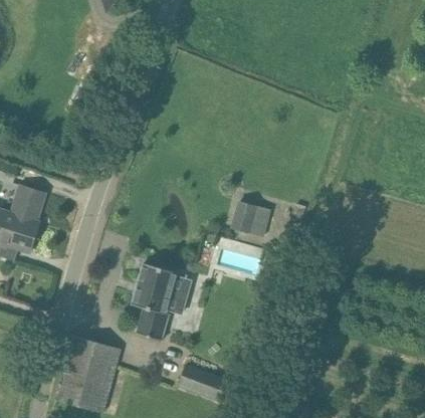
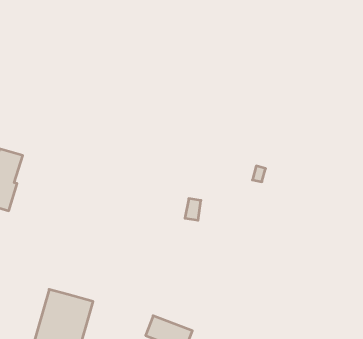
building: [234,202,258,234] -> none
building: [132,263,178,341] -> none

